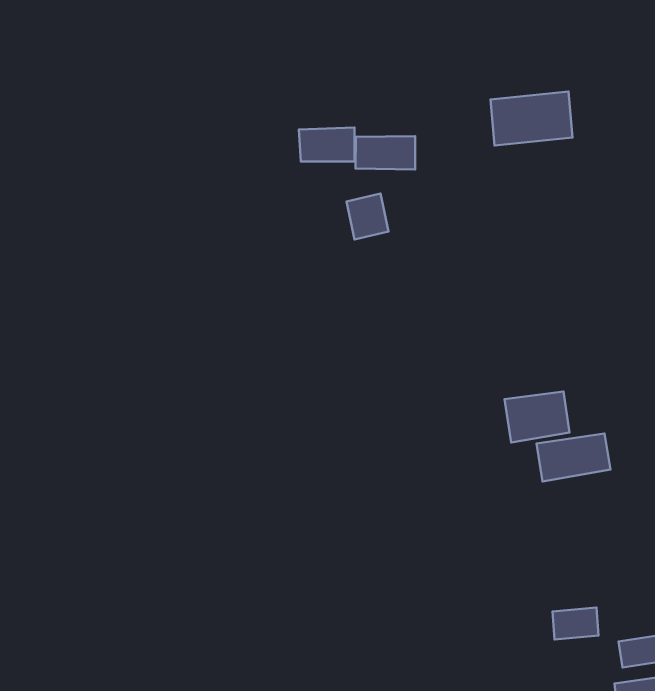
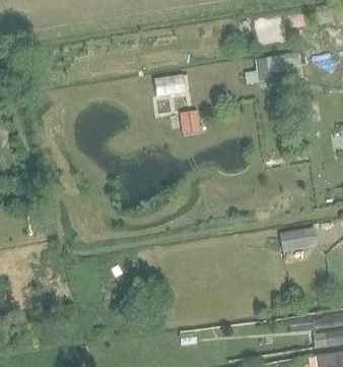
building: [356,136,415,170] -> none
building: [504,391,570,443] -> none

